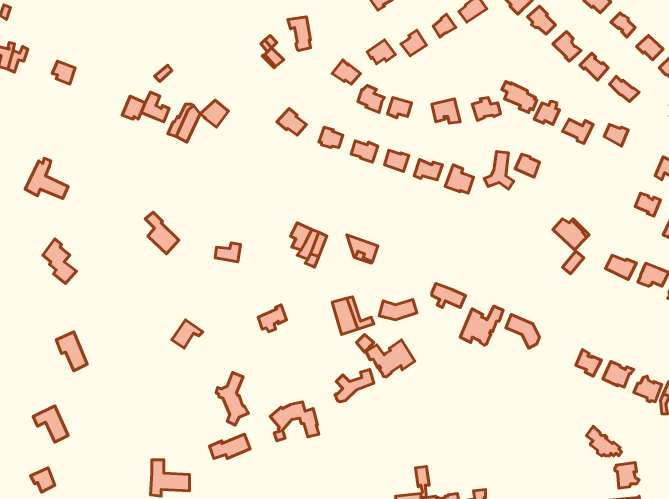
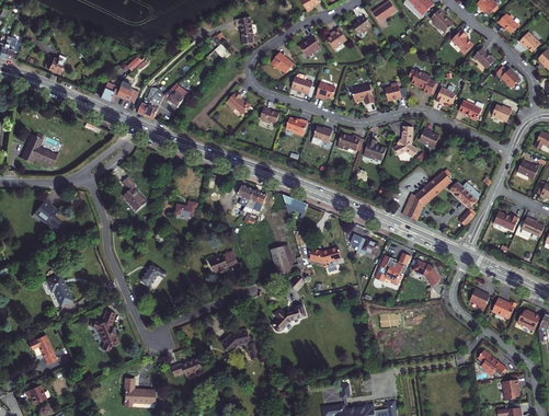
building: none -> [401,170,454,220]
building: [366,340,415,377] -> none
building: [216,373,249,425] -> [93,310,119,353]

